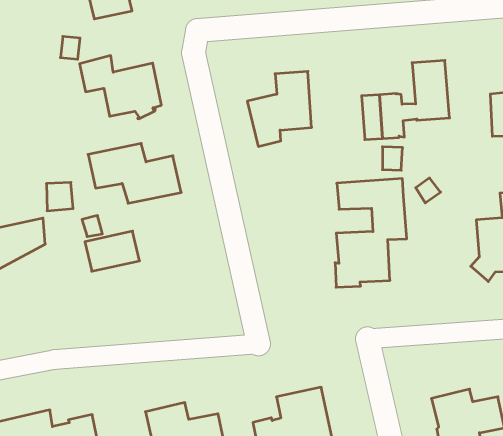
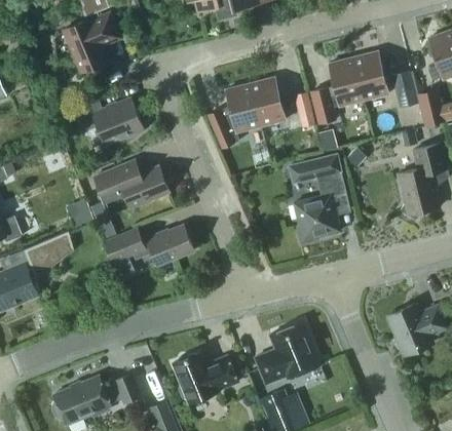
building: none -> [353,50,389,100]
building: none -> [251,77,286,125]
building: none -> [147,225,194,265]

